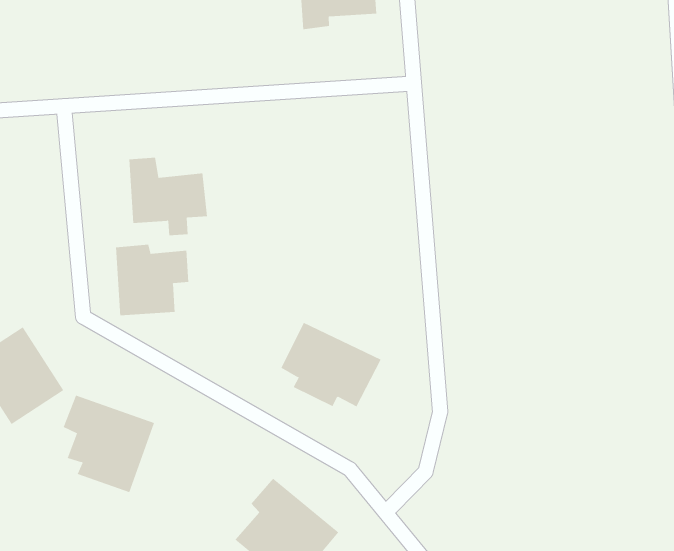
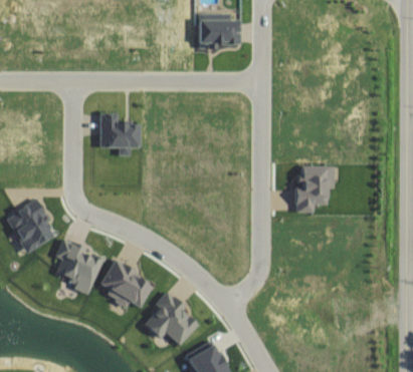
building: none -> [295,166,333,212]
building: [115,244,189,316] -> none
building: [281,322,382,407] -> [98,260,154,308]

